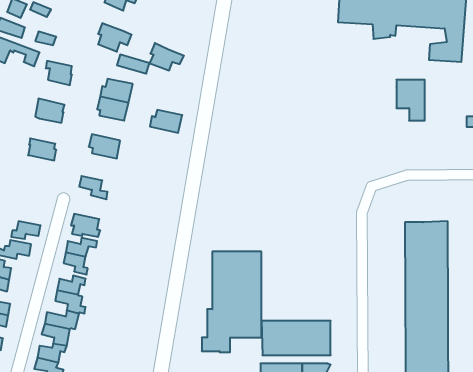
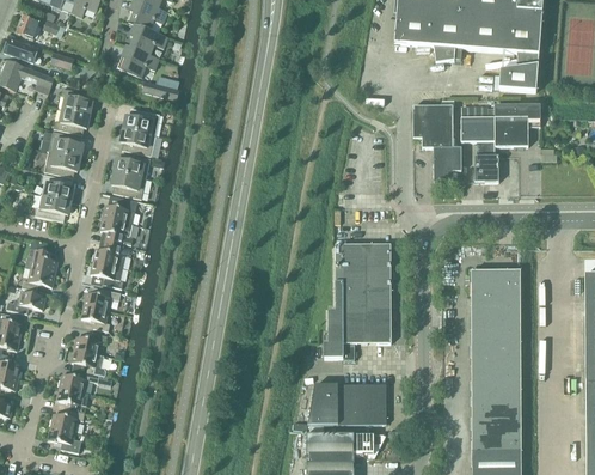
building: [149,43,184,70] -> [128,23,167,54]
building: none -> [493,104,540,146]
building: none -> [412,105,461,182]
building: none -> [54,109,88,135]
building: [150,110,182,133] -> [114,152,151,178]
building: none -> [44,151,79,178]
building: none -> [473,156,498,181]
building: none -> [35,195,70,223]
building: none -> [102,199,136,224]
building: none -> [93,245,130,268]
building: none -> [26,249,57,275]
building: [202,252,261,352] -> [323,244,391,359]

